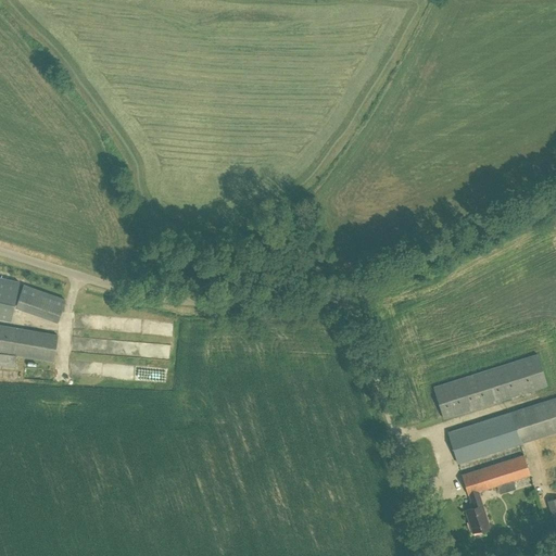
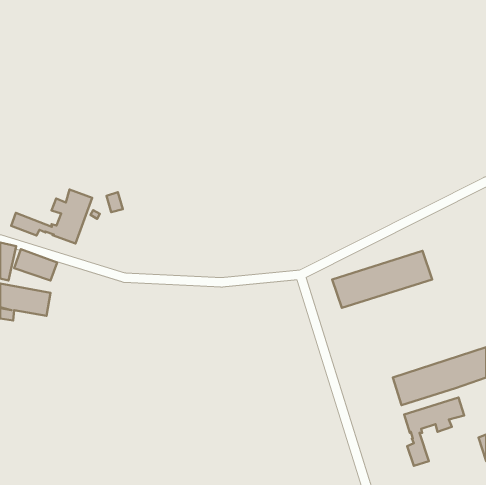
building: none -> [11,189,92,244]
building: [433,353,547,418] -> [332,251,432,308]

